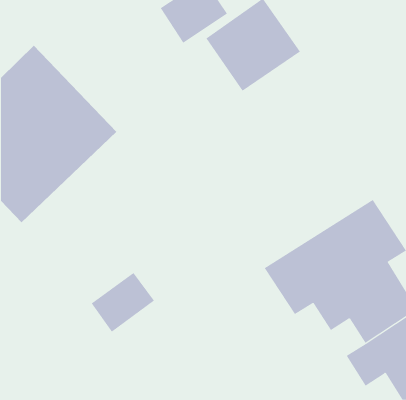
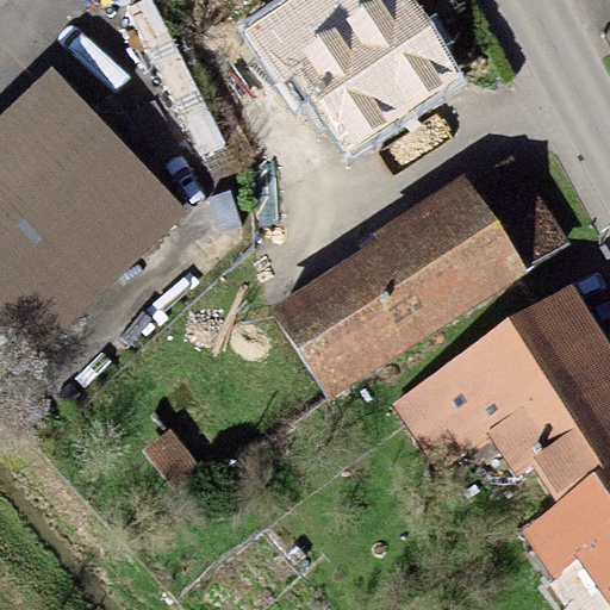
building: none -> [268,160,564,398]

